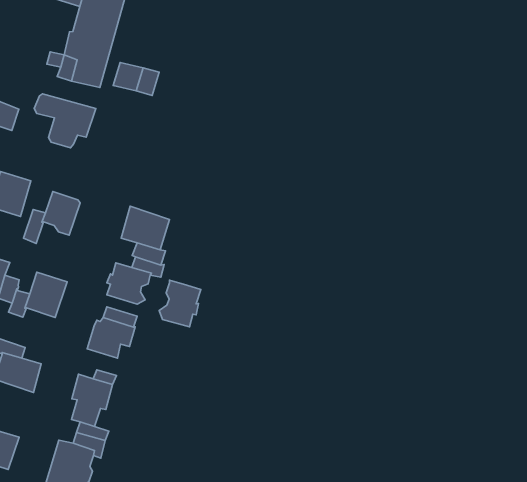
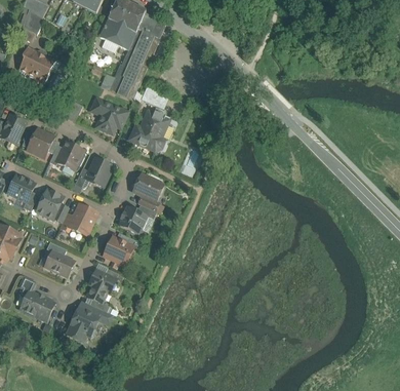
building: none -> [131,113,166,150]
building: [159,280,201,327] -> none

